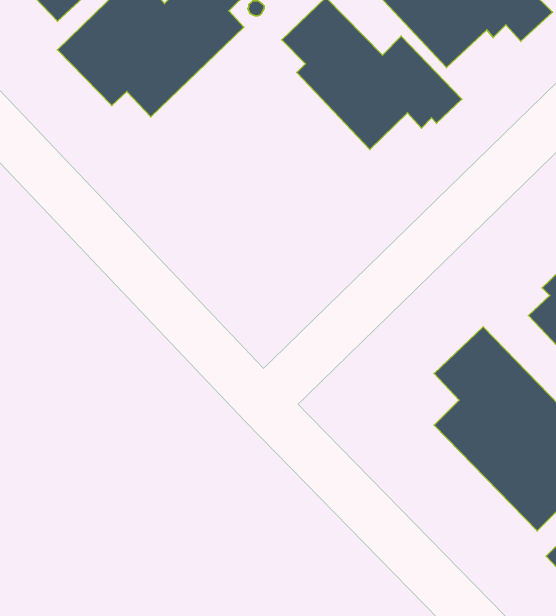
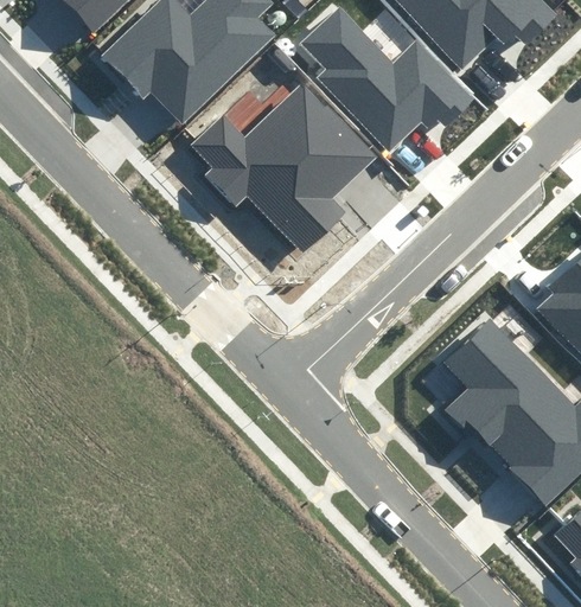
building: none -> [193,81,375,256]

